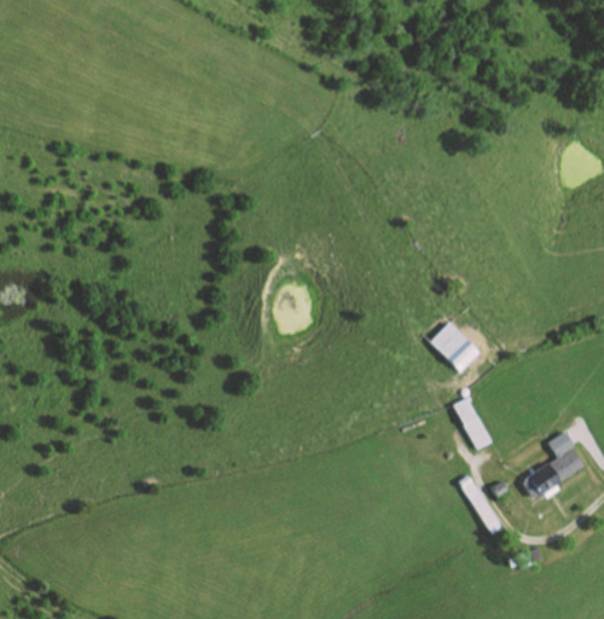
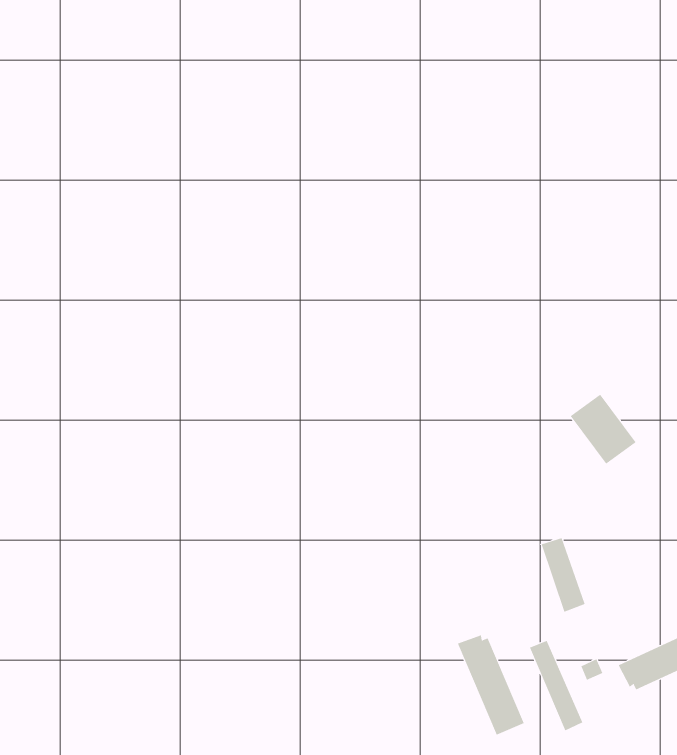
building: [429,322,480,371] -> [570,394,637,464]
building: none -> [457,635,524,736]

